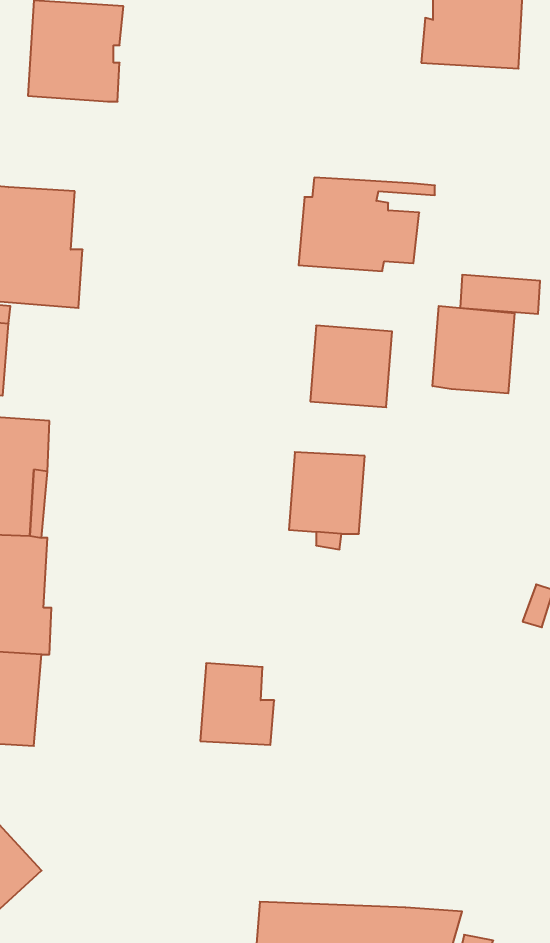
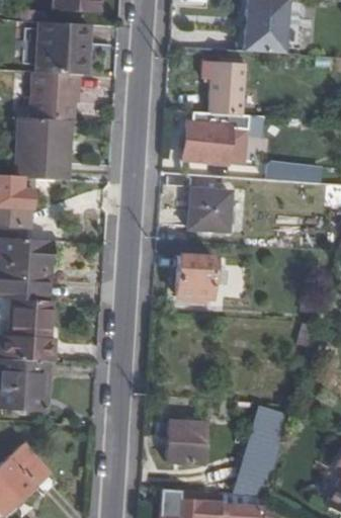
building: none -> [207,63,244,116]
building: none -> [30,71,82,120]
building: [433,306,514,393] -> none
building: [200,663,274,745] -> [166,421,204,463]
building: none -> [237,415,287,495]

